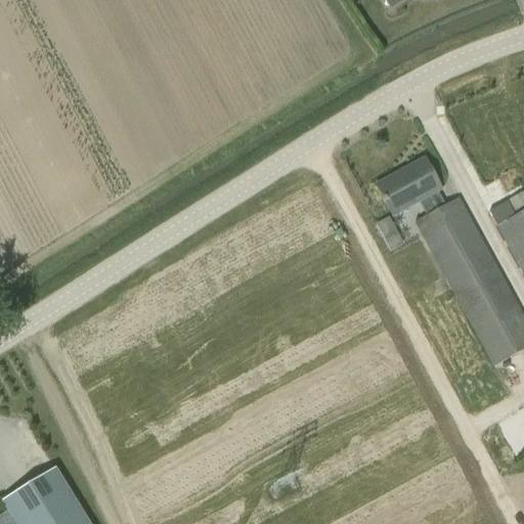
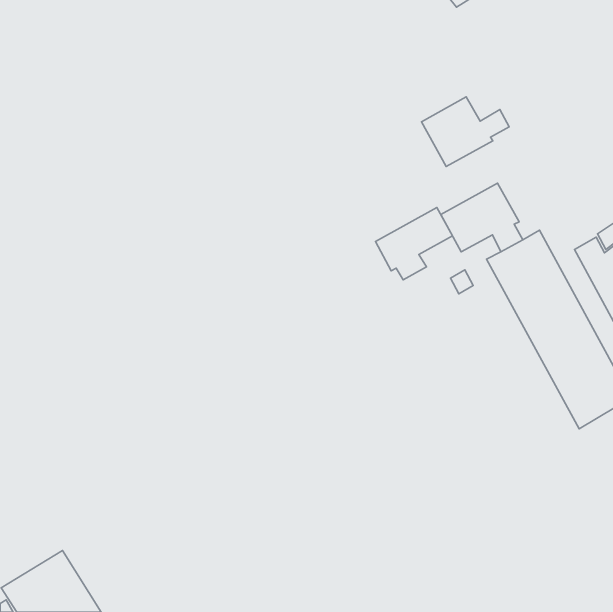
building: none -> [422,97,509,166]
building: none -> [375,208,452,280]

